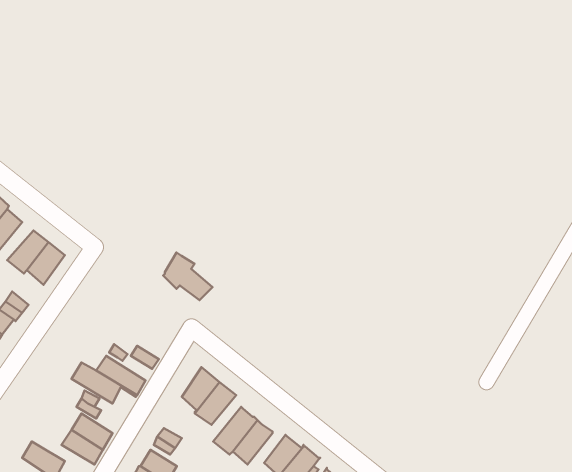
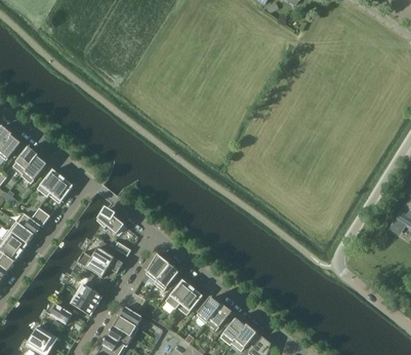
building: [163,252,213,300] -> [95,205,126,235]

